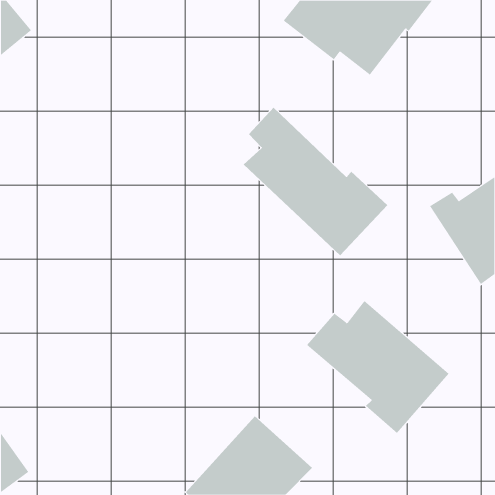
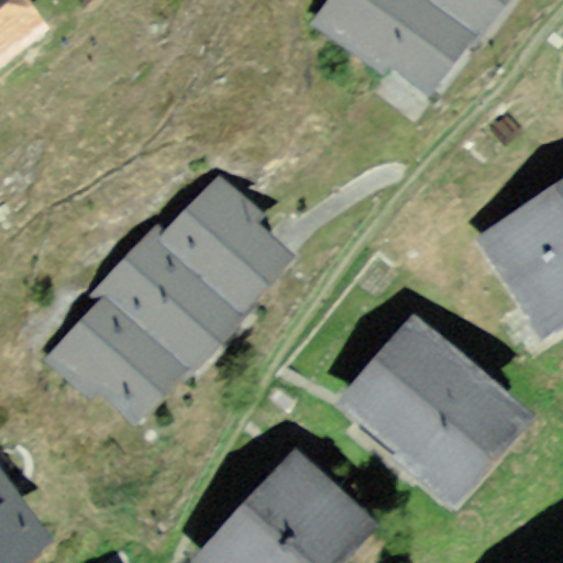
building: [243,107,388,256] -> none
building: none -> [56,189,275,413]

